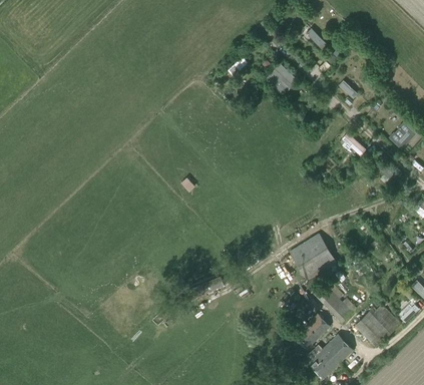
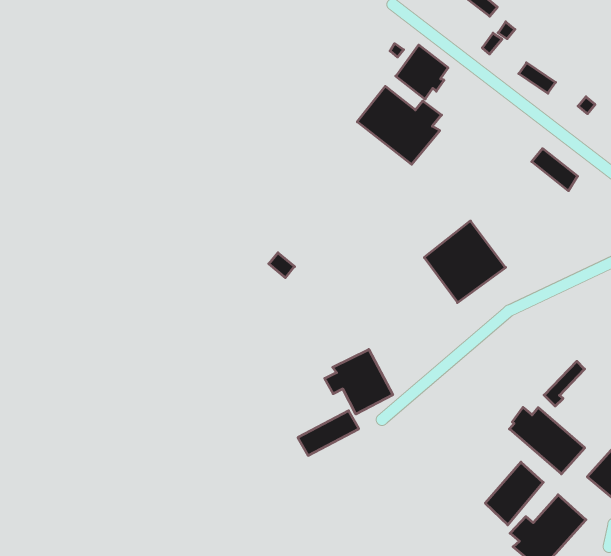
building: none -> [357,86,442,164]
building: [290,233,337,280] -> [424,221,506,303]
building: none -> [325,349,393,414]

